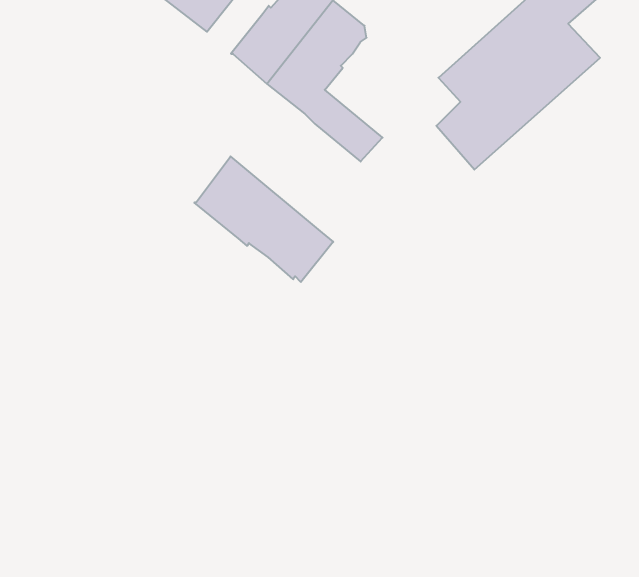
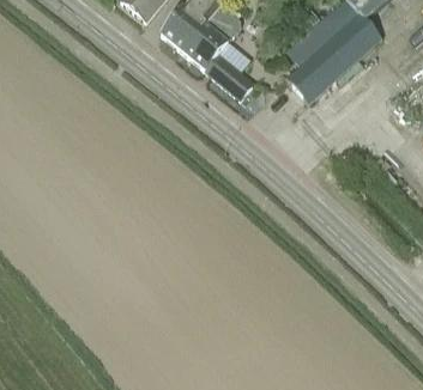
building: [194,156,333,282] -> none

